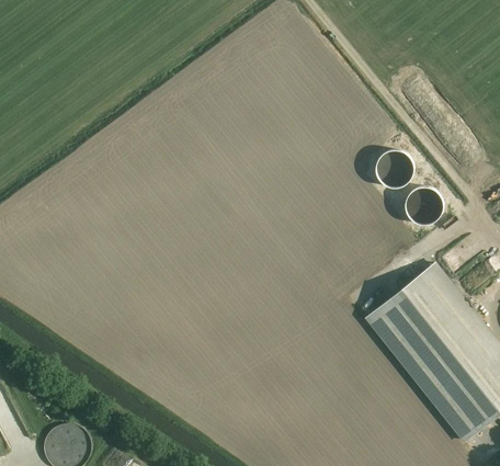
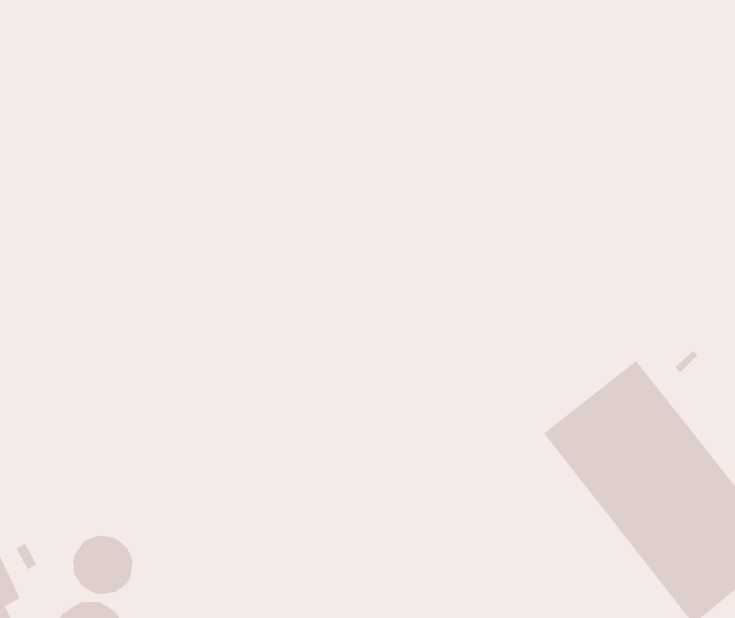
building: none -> [72,535,134,595]

